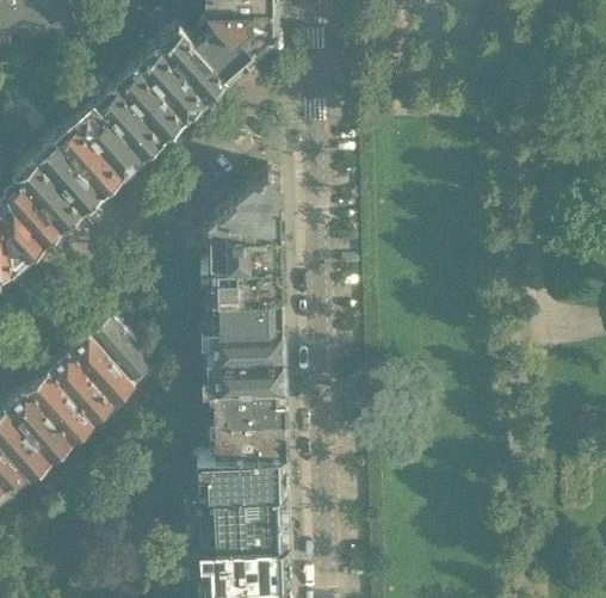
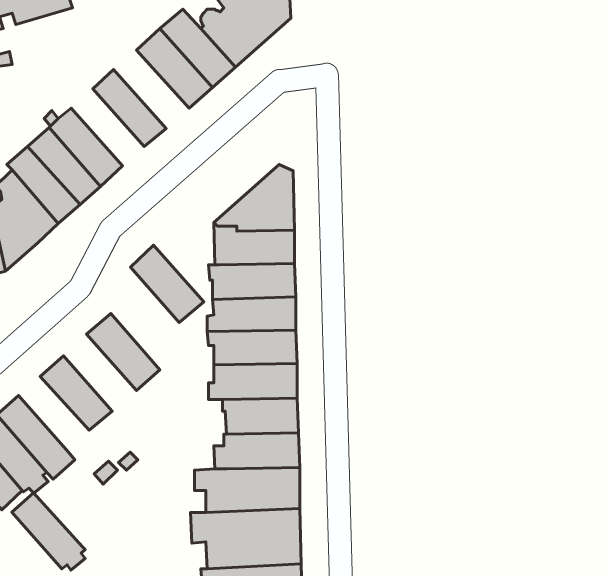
building: [111,74,181,147] -> none
building: [72,110,140,181] -> none
building: [64,338,132,409] -> [130,245,204,322]
building: [23,377,91,449] -> [12,493,85,570]

